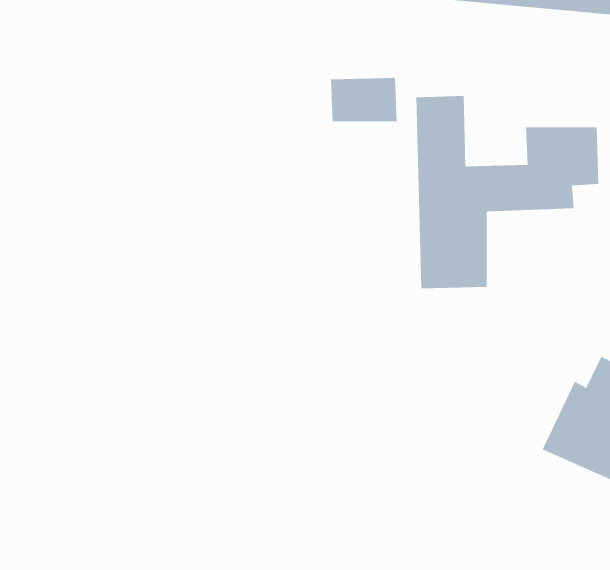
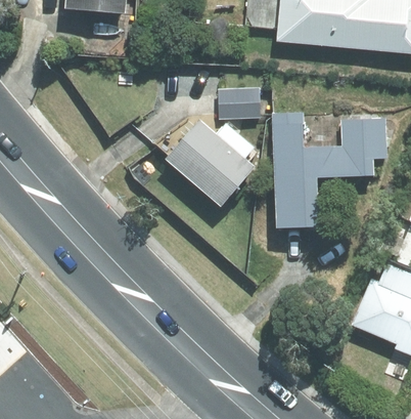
building: none -> [164,112,255,204]

